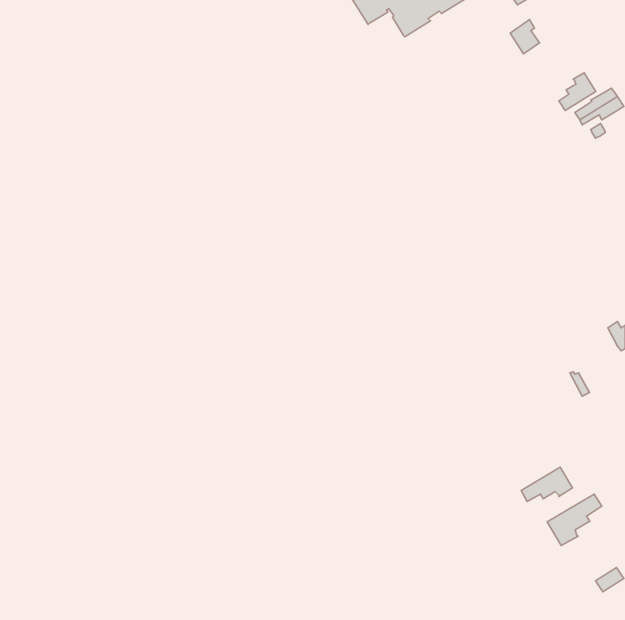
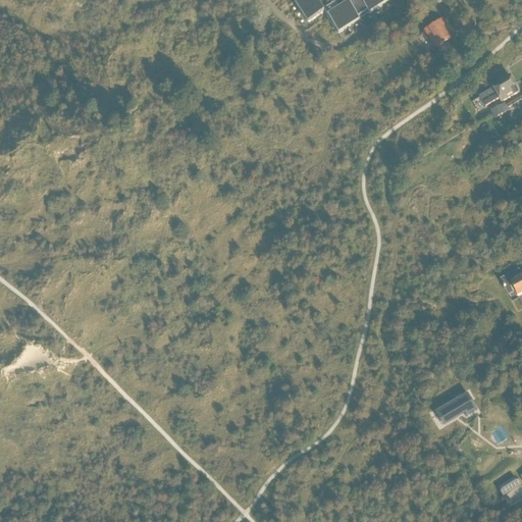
building: [559,73,596,110] -> none
building: [547,494,602,545] -> none

